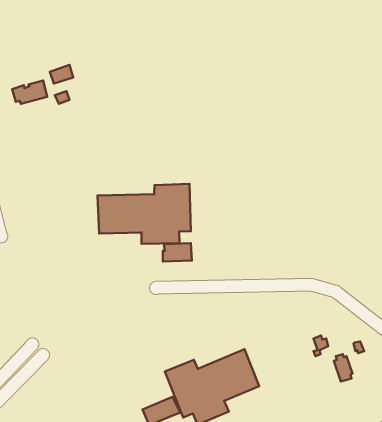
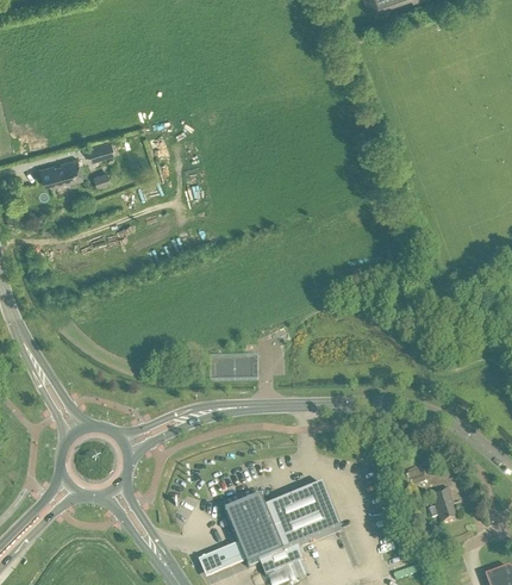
building: [98,184,191,244] -> none

